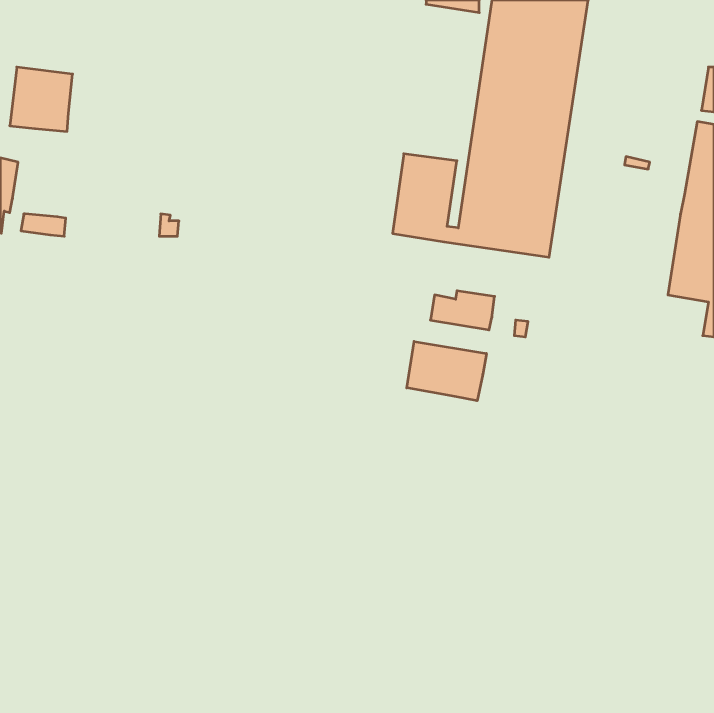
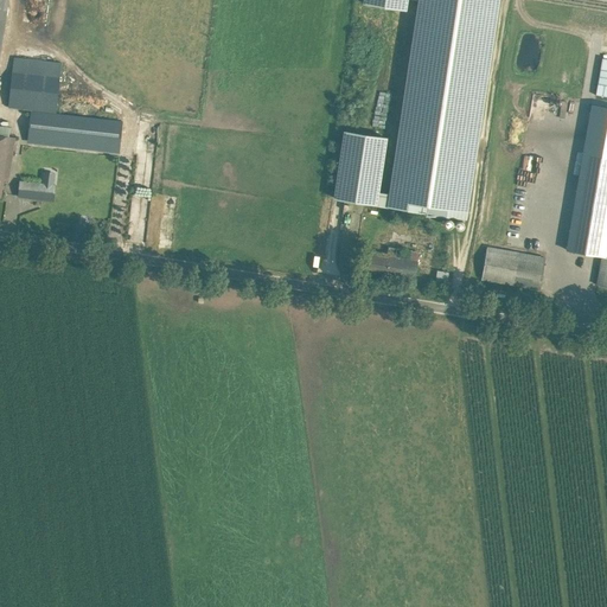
building: none -> [28,113,123,153]
building: none -> [483,249,544,290]
building: [407,341,486,401] -> none

